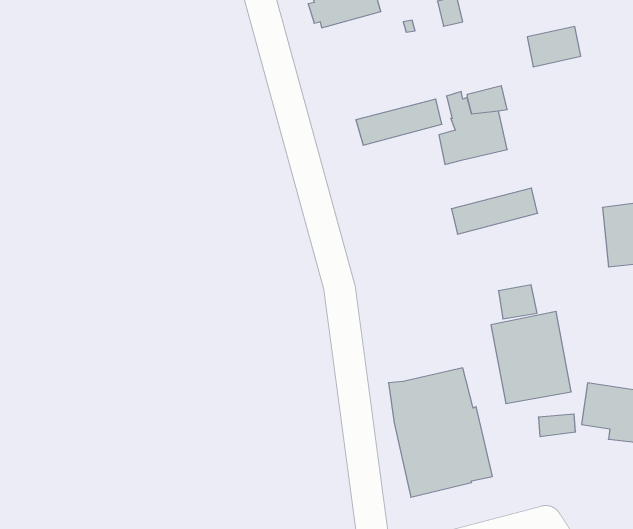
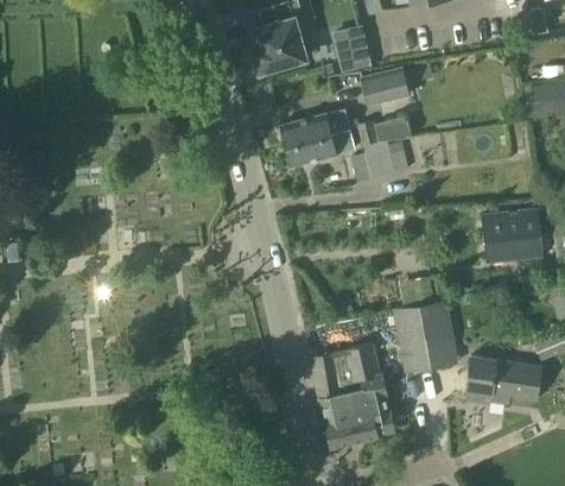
building: [527,27,581,67] -> [366,70,408,102]
building: [451,188,538,234] -> [281,108,350,145]

